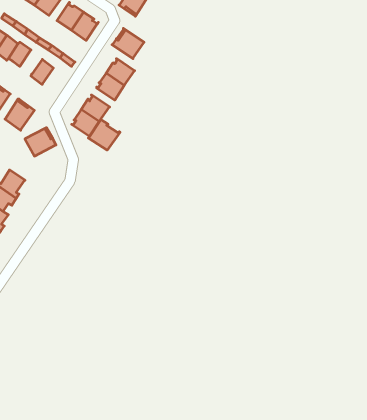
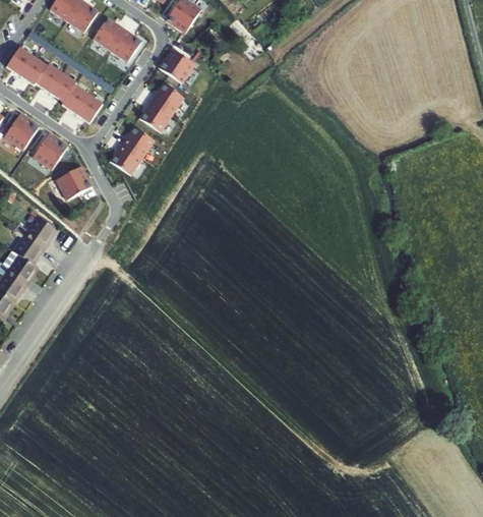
building: none -> [49,73,76,102]
building: none -> [75,95,103,123]
building: [88,120,120,150] -> none

